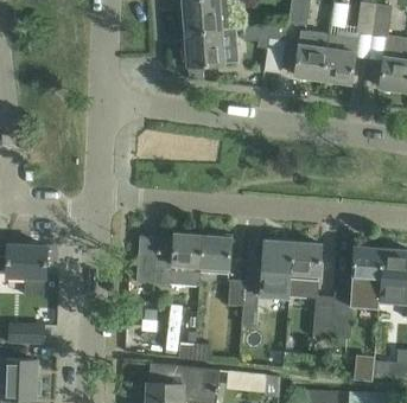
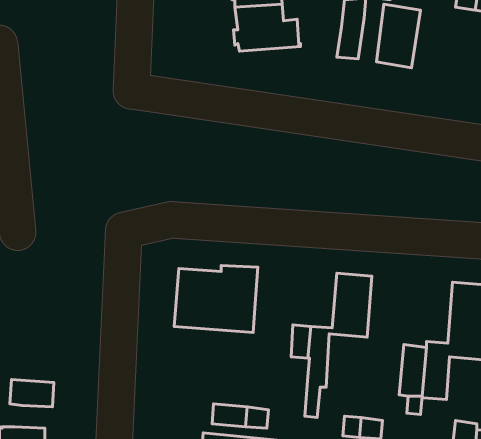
building: [322,34,357,83] -> none
building: [199,235,230,274] -> none
building: [287,242,320,292] -> none
building: [6,244,46,296] -> none

